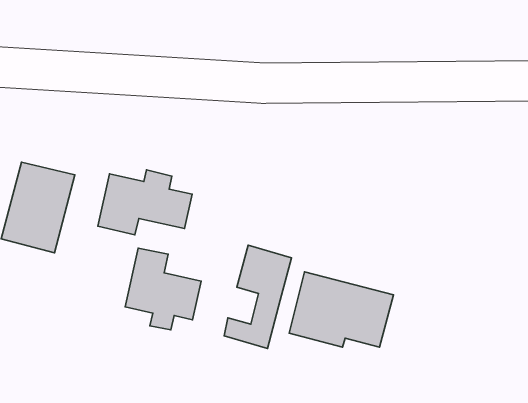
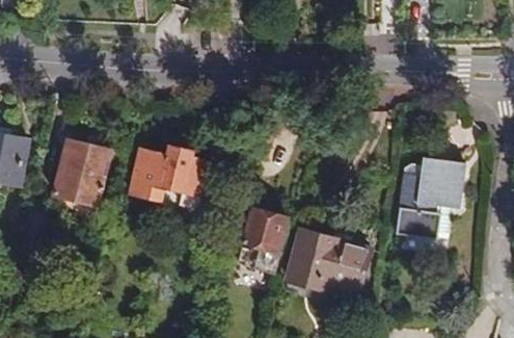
building: none -> [398,156,464,236]
building: [125,248,201,330] -> none

